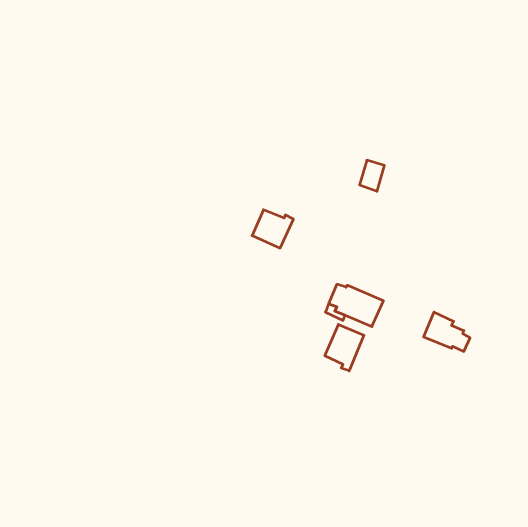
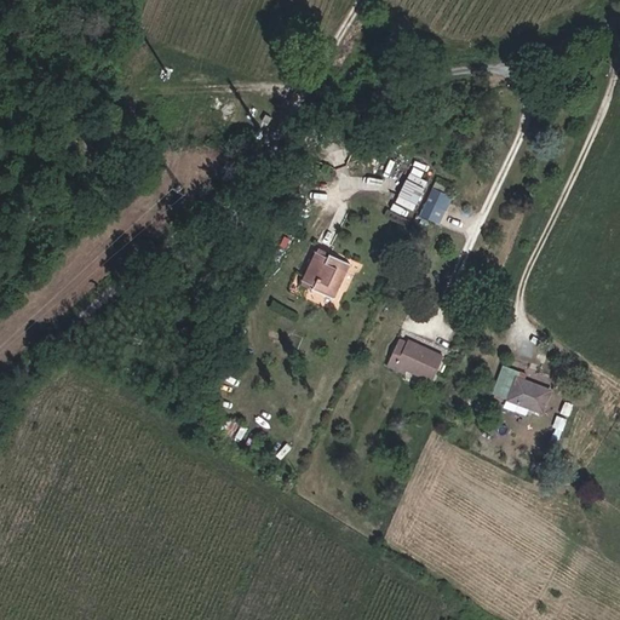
building: none -> [395,174,427,211]
building: [325,324,364,371] -> none

